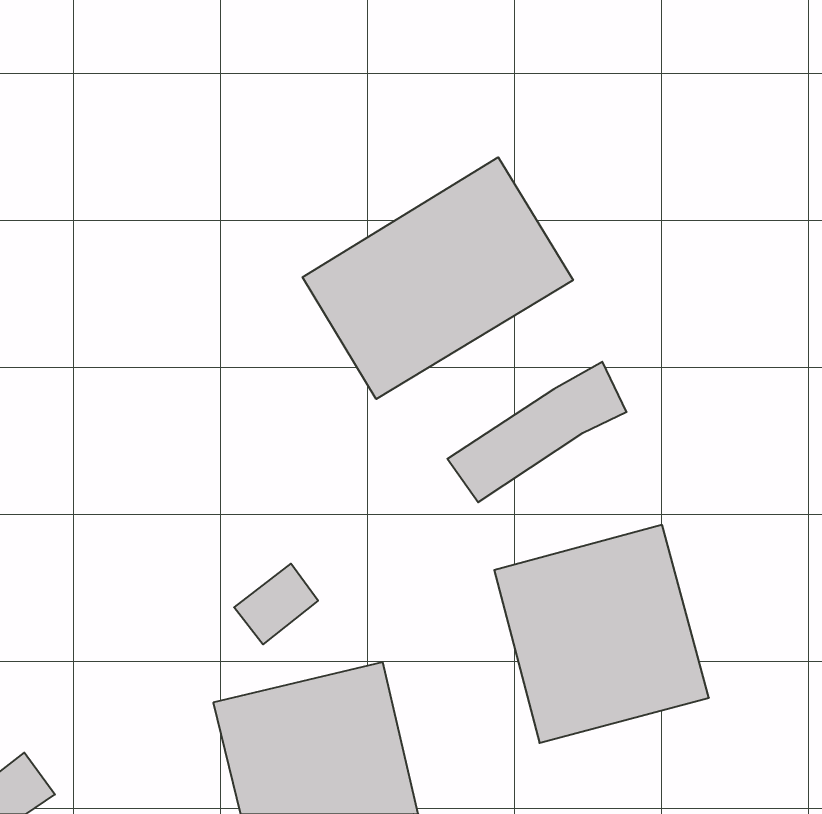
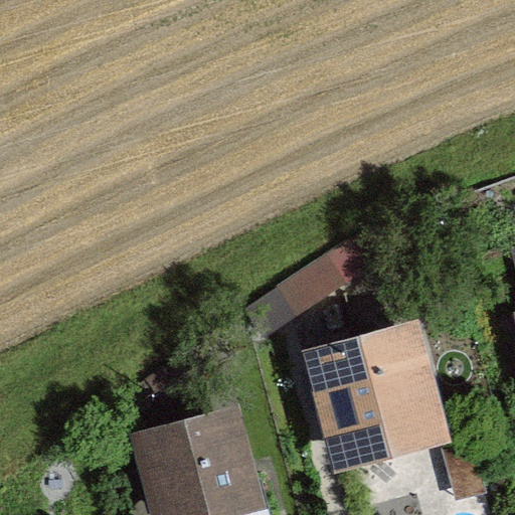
building: [303,157,573,399] -> none

